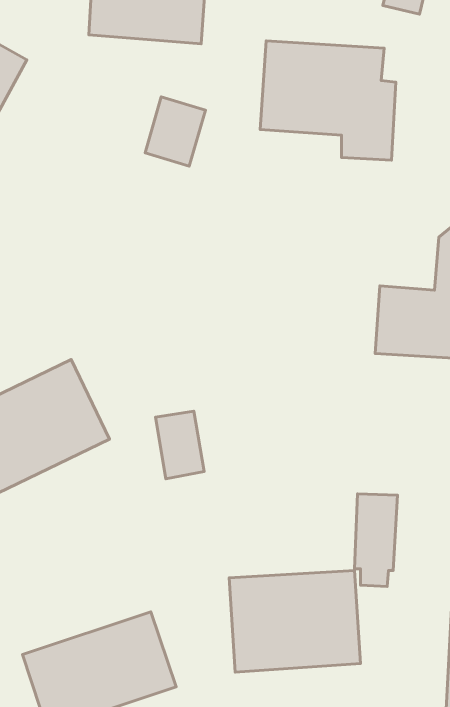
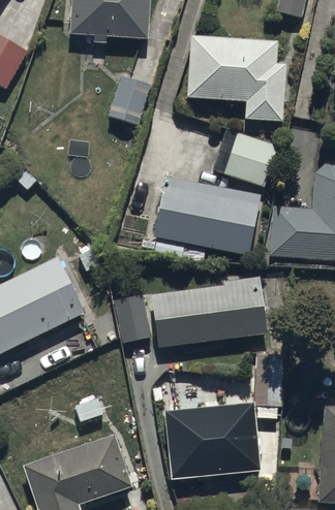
building: none -> [224,132,278,186]
building: none -> [155,177,261,256]
building: none -> [152,276,266,344]

